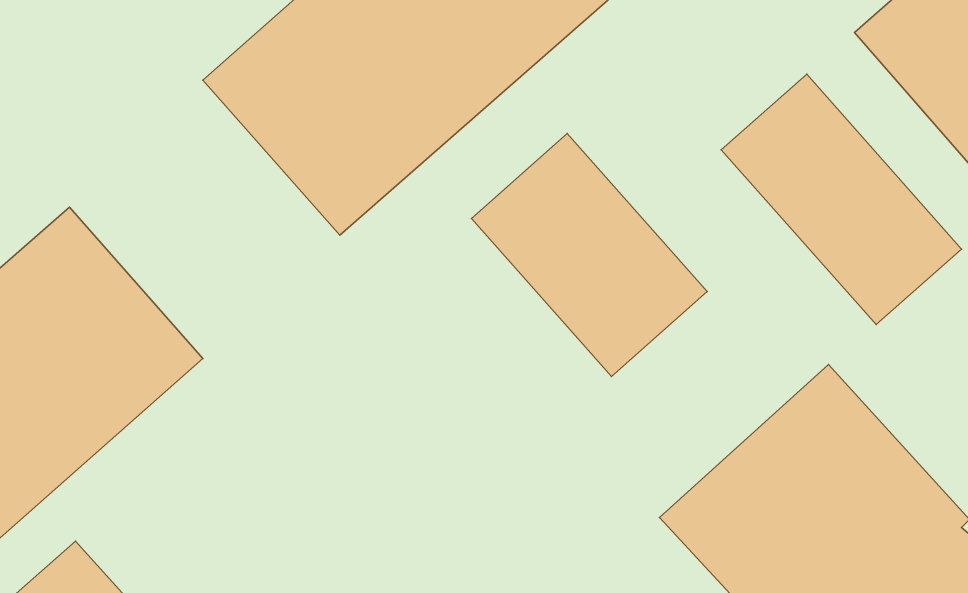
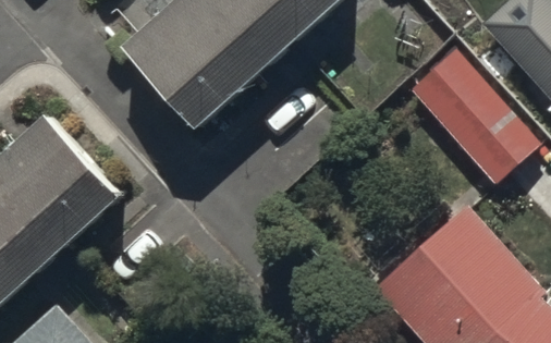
building: [471,134,707,377] -> none

